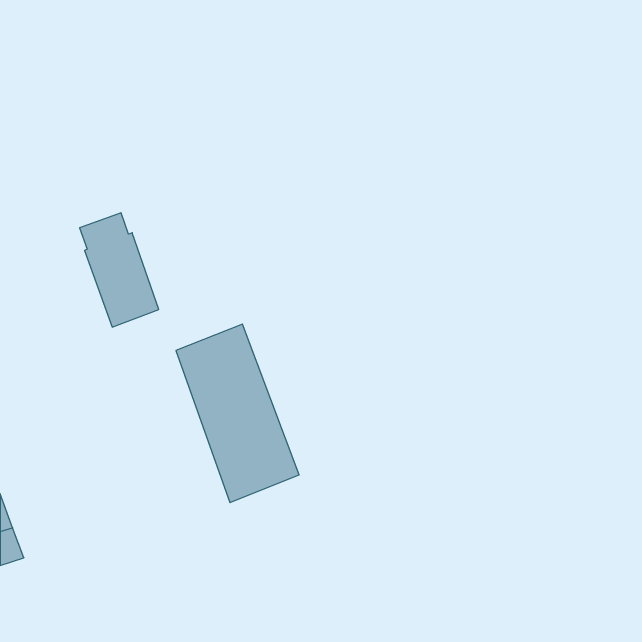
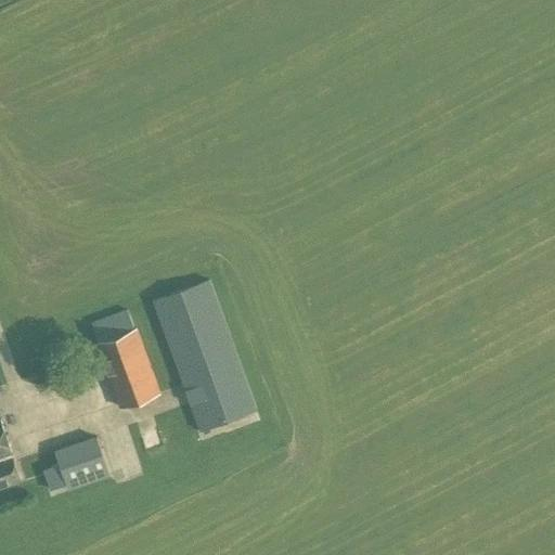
building: [80,213,159,327] -> [91,310,159,409]
building: none -> [54,435,109,488]

